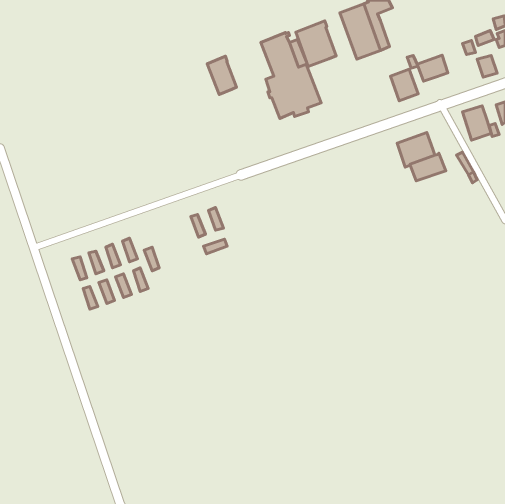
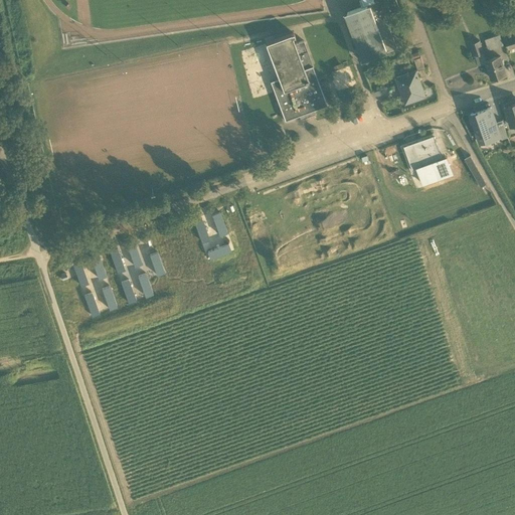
building: [296,21,336,67] -> none
building: [417,55,448,81] -> none
building: [207,56,237,95] -> none

